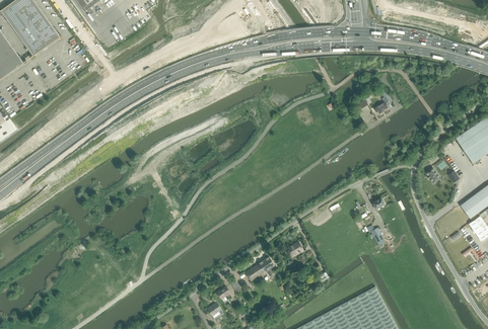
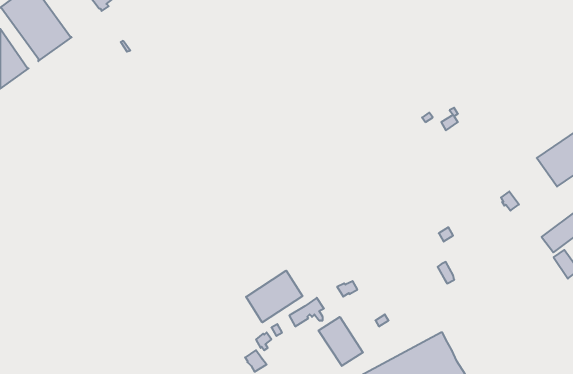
building: none -> [246,271,302,322]
building: none -> [319,317,363,366]

